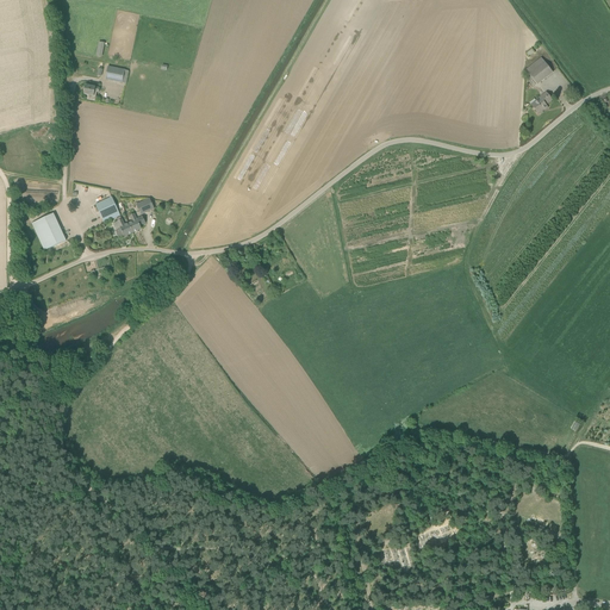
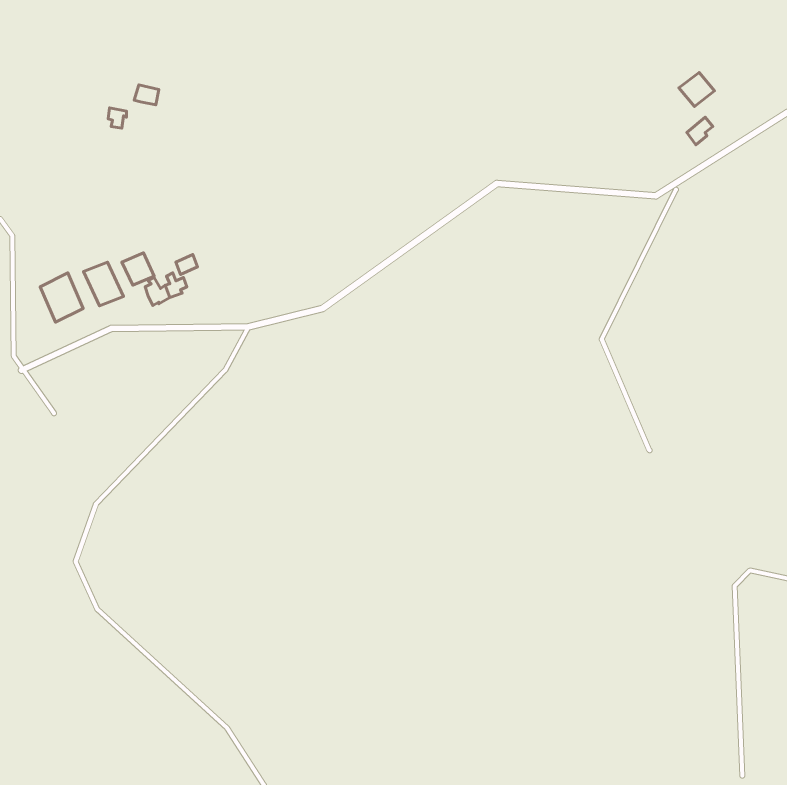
building: none -> [83,262,123,306]

